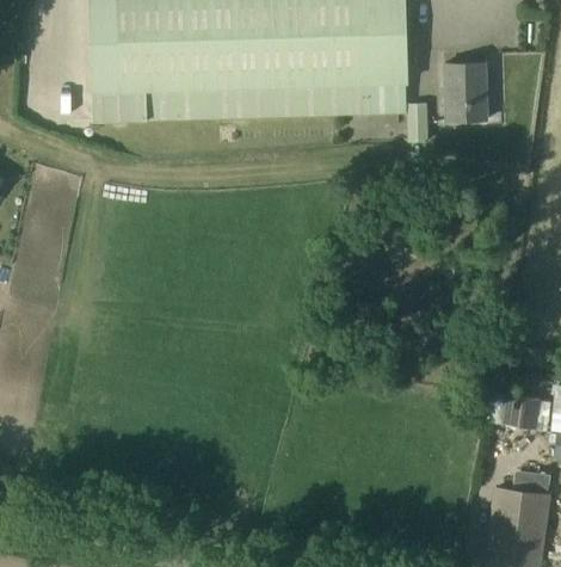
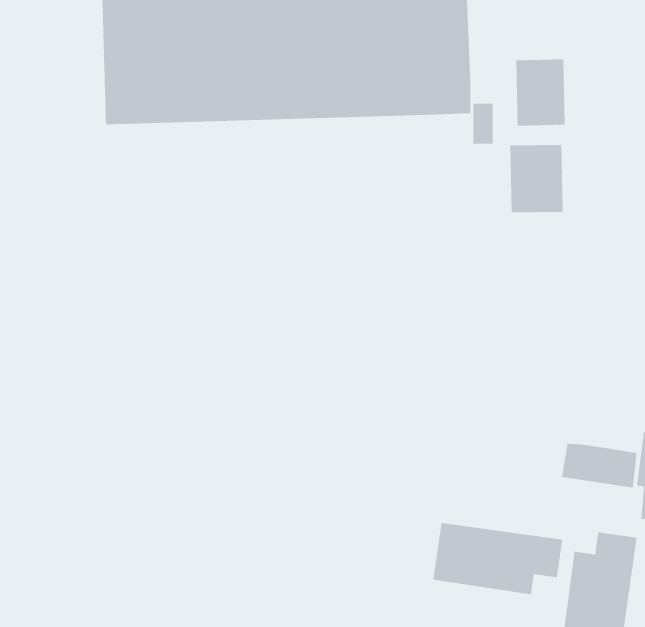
building: none -> [510,144,564,213]
building: none -> [433,522,563,595]

